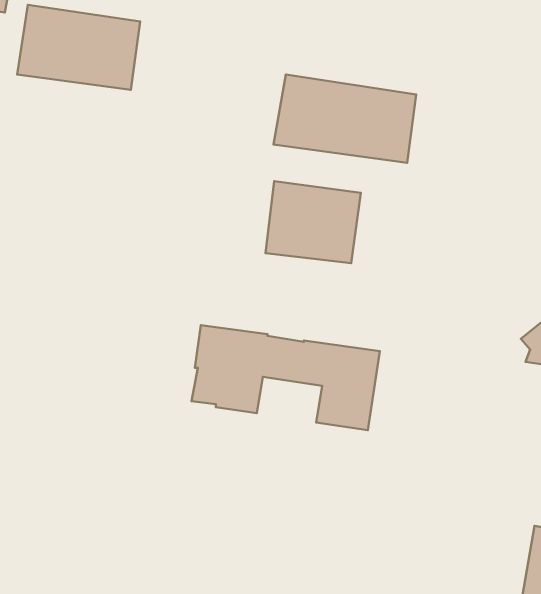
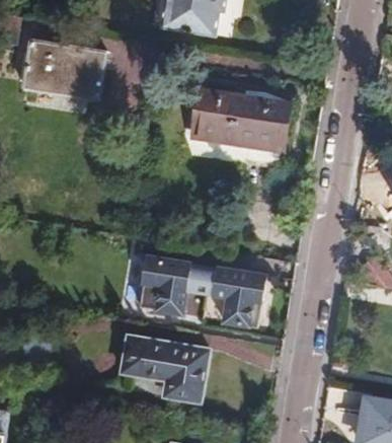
building: [265,181,361,263] -> none
building: none -> [124,339,208,403]

